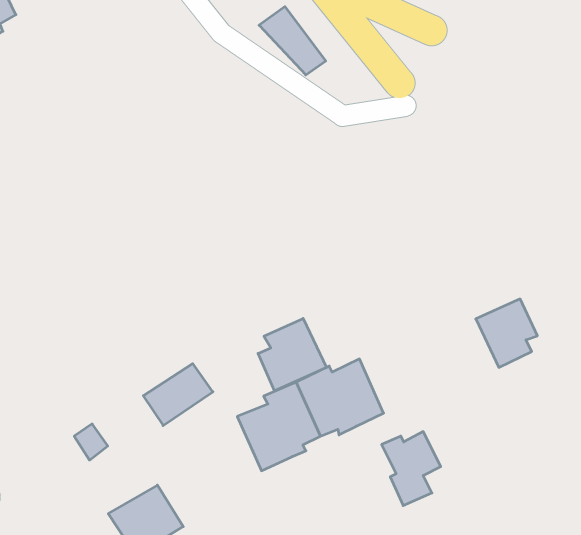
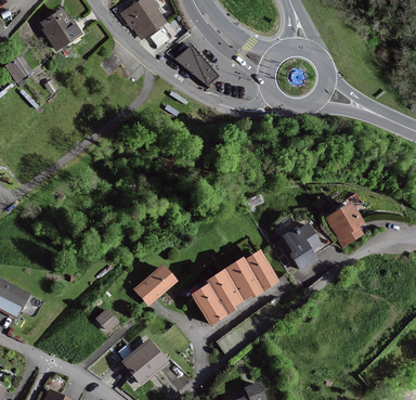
building: [258,318,326,391] -> none
building: [382,432,441,506] -> [284,224,321,270]

